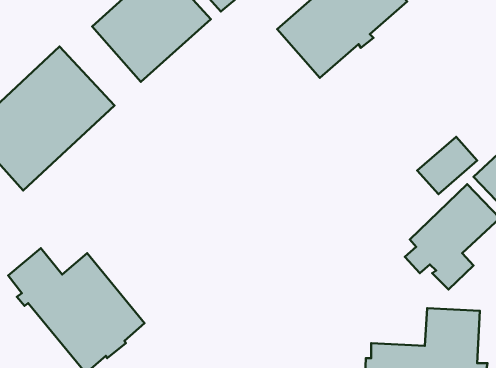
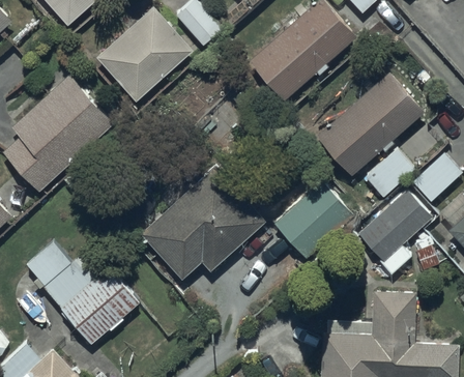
building: none -> [316,71,425,176]
building: none -> [140,166,266,281]
building: none -> [274,181,354,259]

